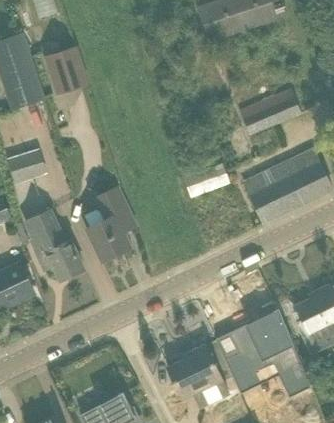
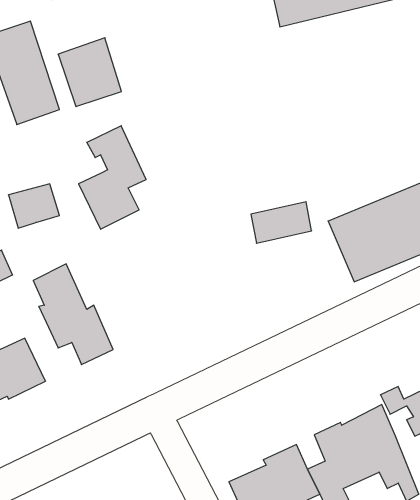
building: [239,90,300,130] -> none
building: [86,187,135,262] -> [79,126,146,229]

